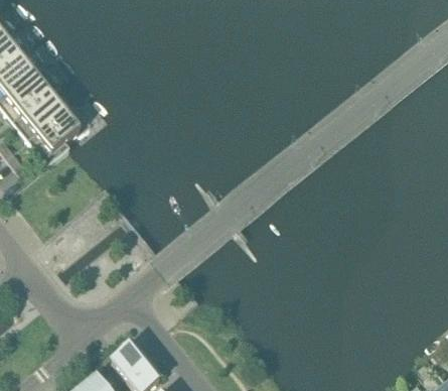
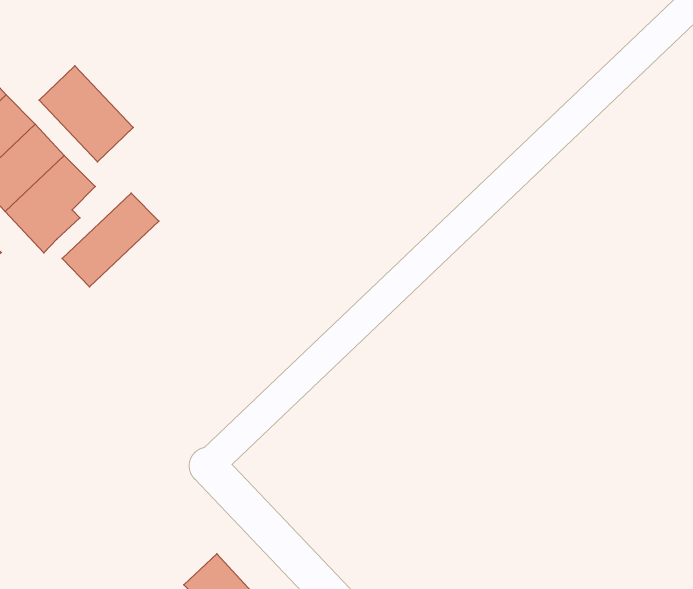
building: none -> [39,66,133,162]
building: none -> [62,193,159,287]

